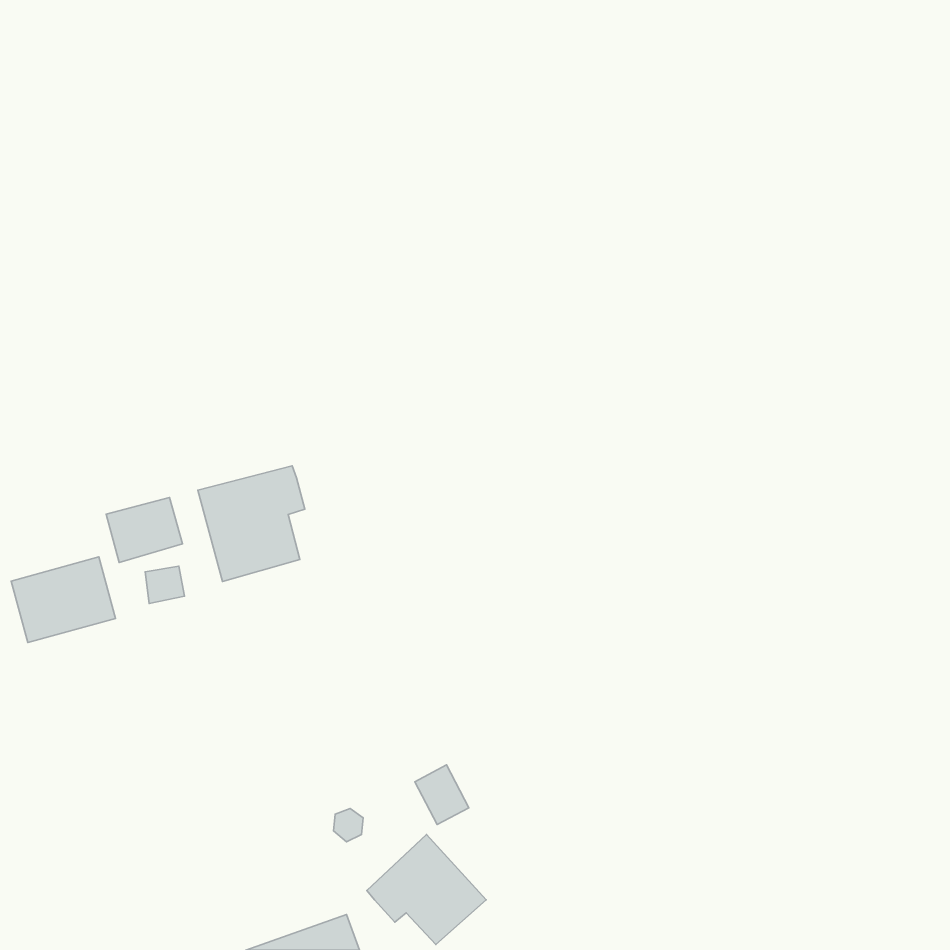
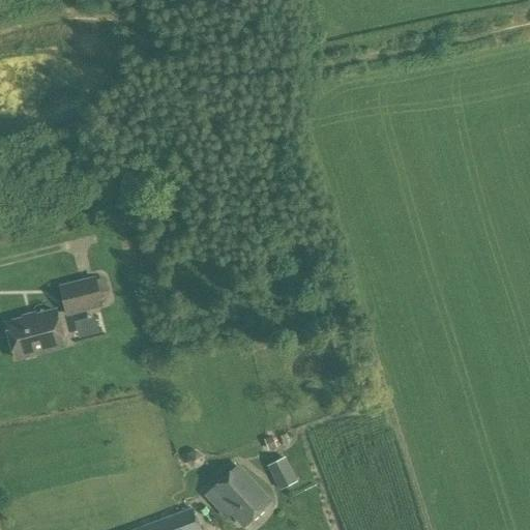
building: [198,466,305,581] -> none
building: [415,765,469,825] -> [266,457,296,490]

